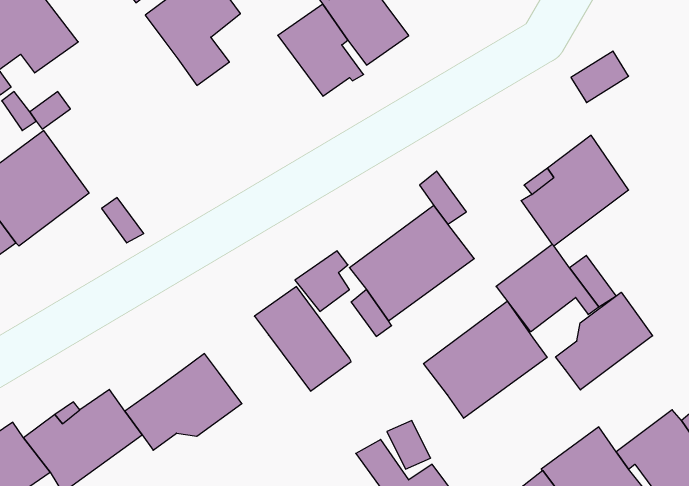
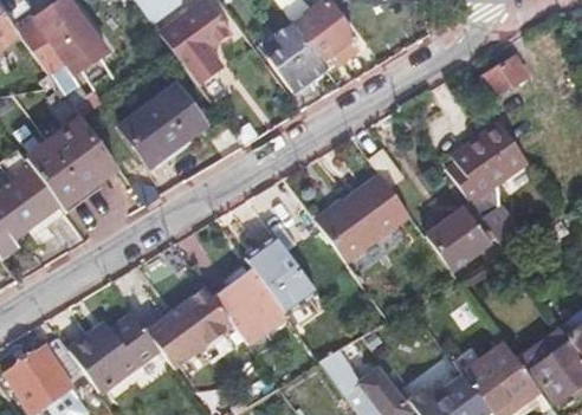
building: none -> [121,84,206,163]
building: [556,292,653,390] -> none
building: [424,301,547,418] -> none
building: none -> [215,272,286,344]

